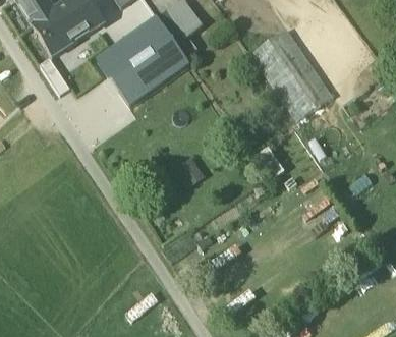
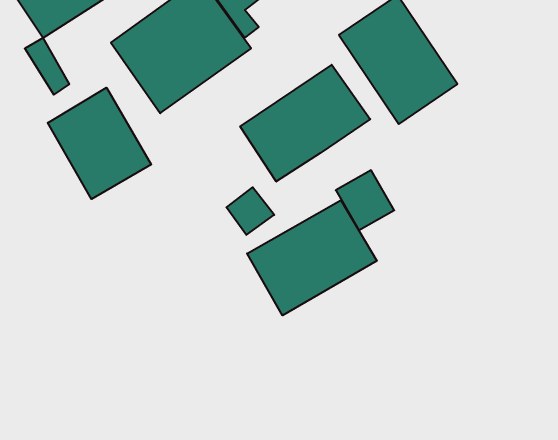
building: none -> [240,65,370,182]
building: none -> [48,88,151,199]
building: none -> [247,200,377,315]

